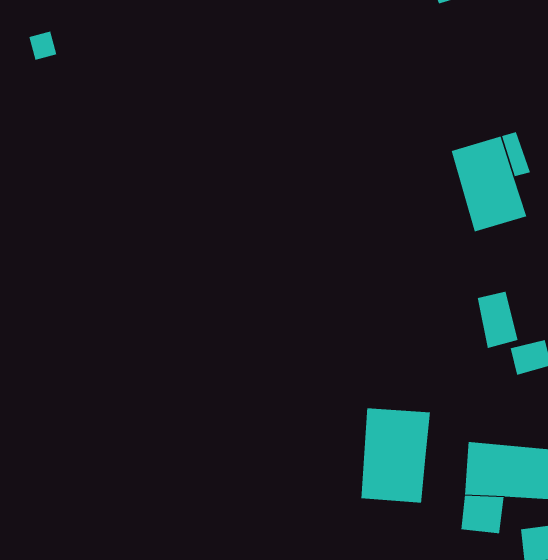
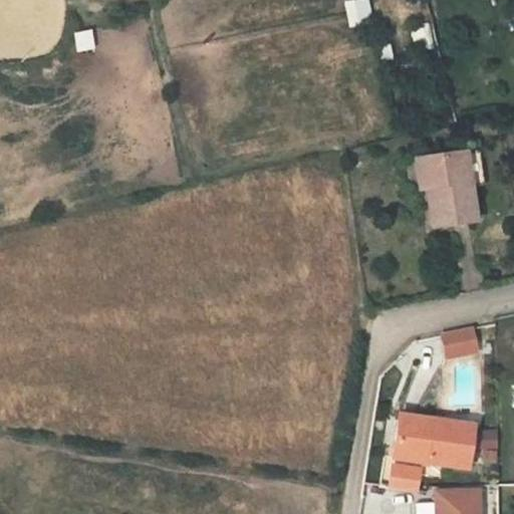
building: [477,291,518,349] -> none
building: [361,407,430,504] -> none

